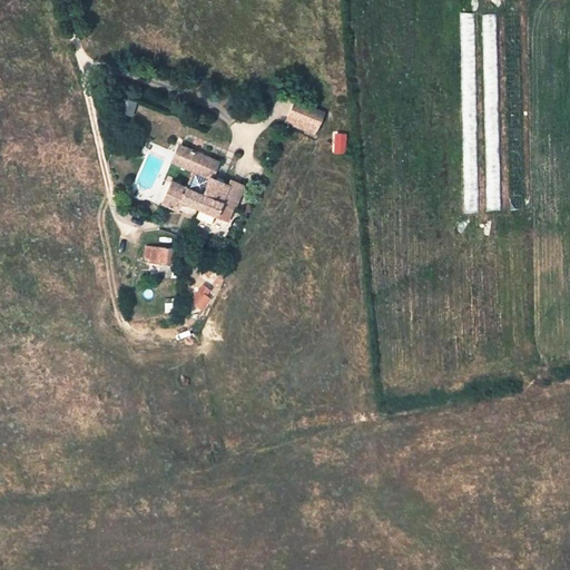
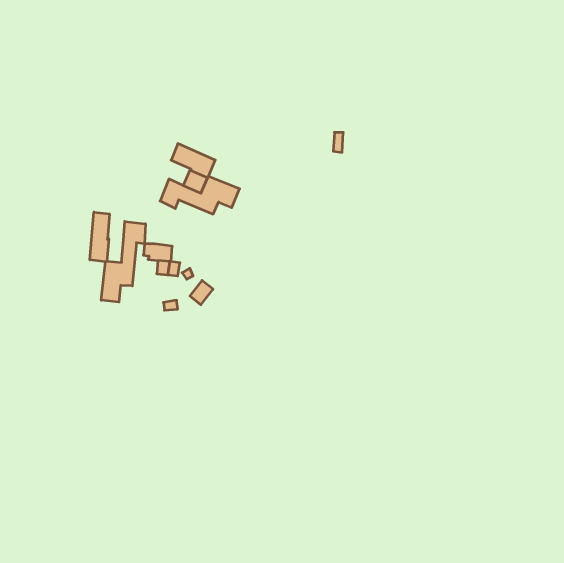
building: [287,101,326,137] -> none
building: none -> [90,212,145,302]

